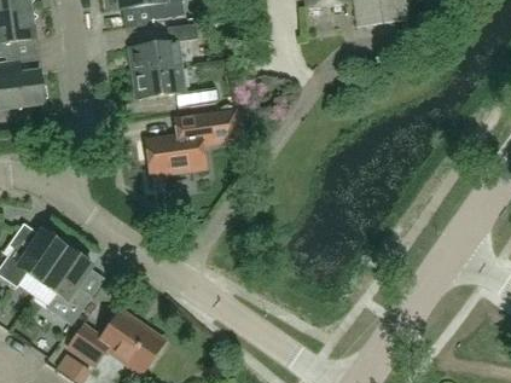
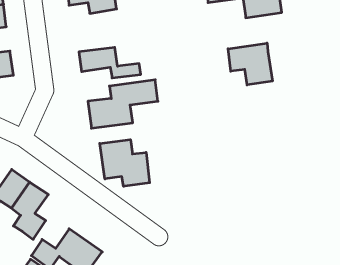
building: [130,22,197,71] -> none
building: none -> [228,43,272,85]
building: none -> [100,140,150,186]

